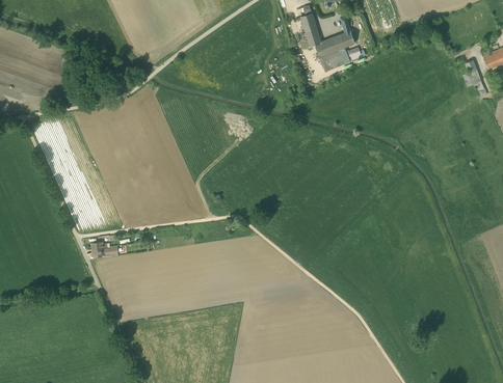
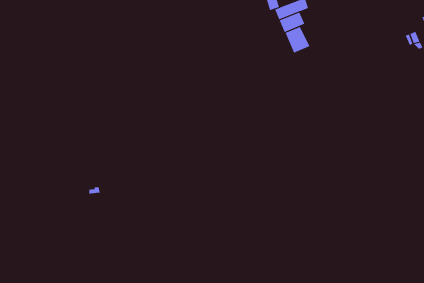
building: none -> [285,26,310,54]

